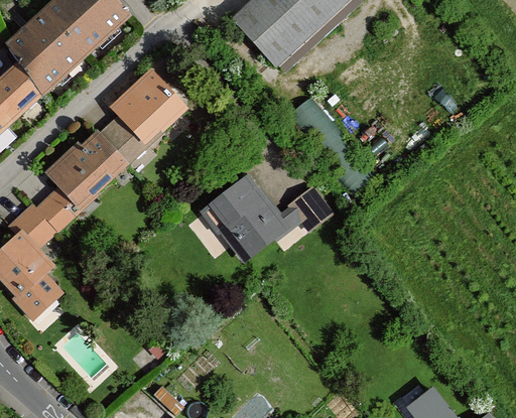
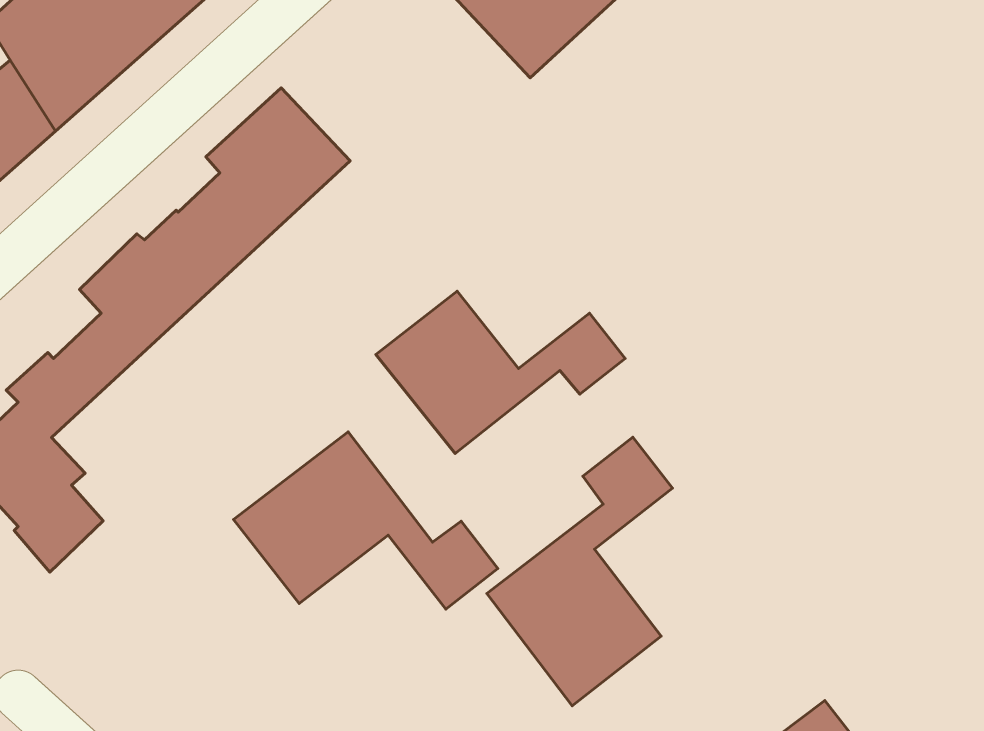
building: none -> [233,432,498,609]
building: none -> [487,437,672,706]

